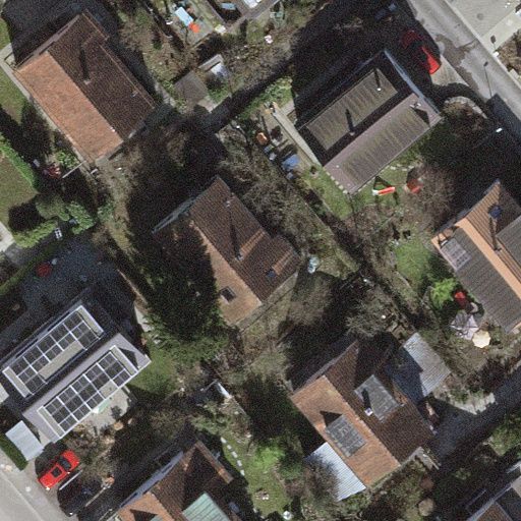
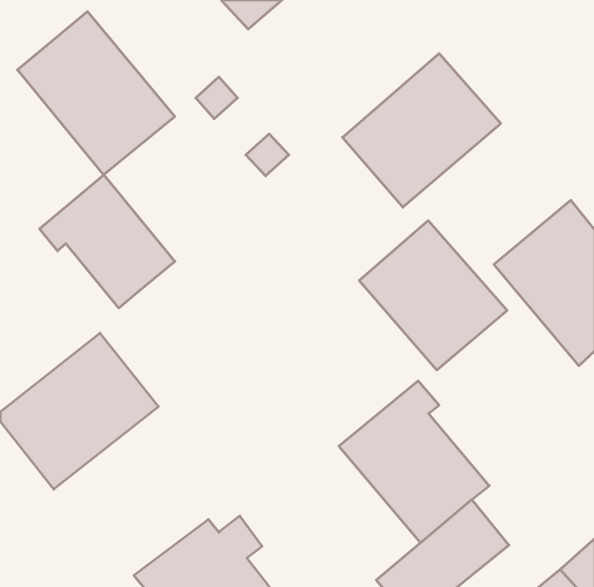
building: none -> [40,175,175,308]
building: [156,180,292,321] -> none
building: none -> [359,221,507,370]

